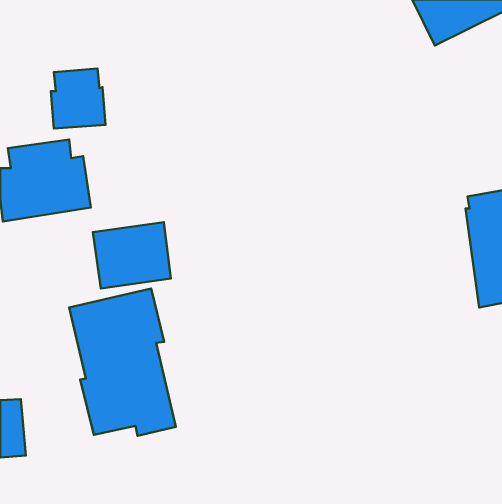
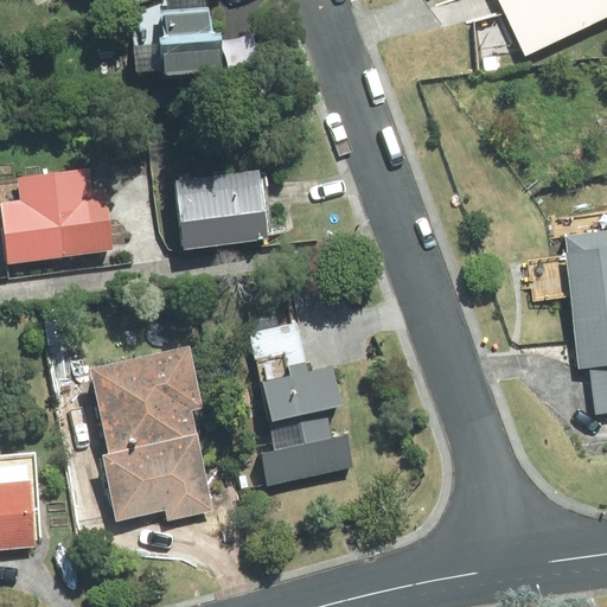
building: [51,68,105,129] -> [152,6,217,78]
building: [93,222,171,288] -> [173,171,267,250]
building: none -> [250,322,354,485]

